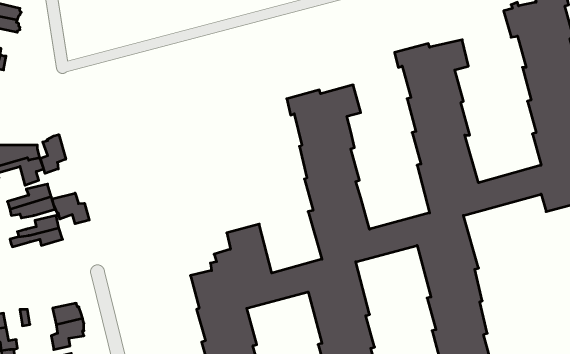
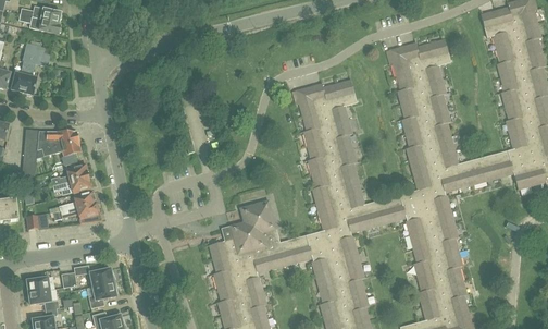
building: [41,135,66,173] -> none
building: [52,193,89,224] -> none

